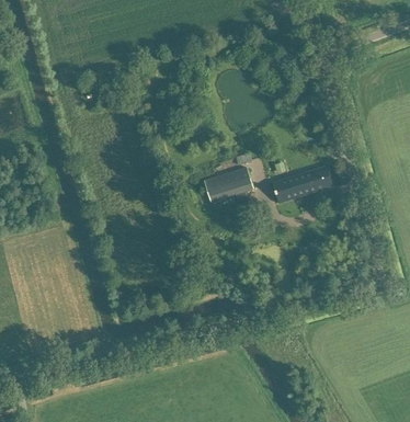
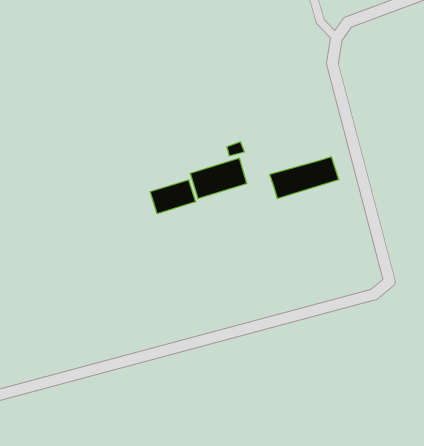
building: none -> [150,180,196,214]

